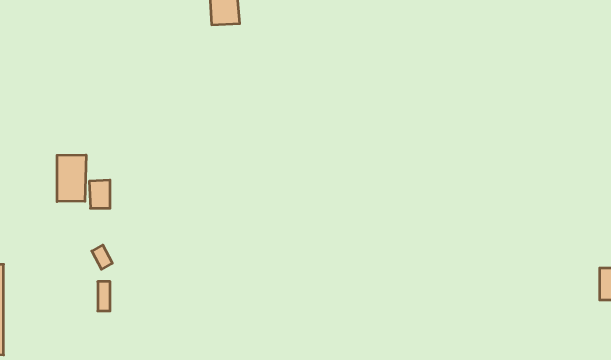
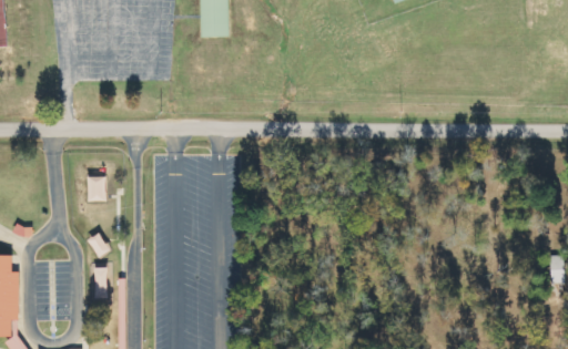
building: [57,155,86,202] -> none

